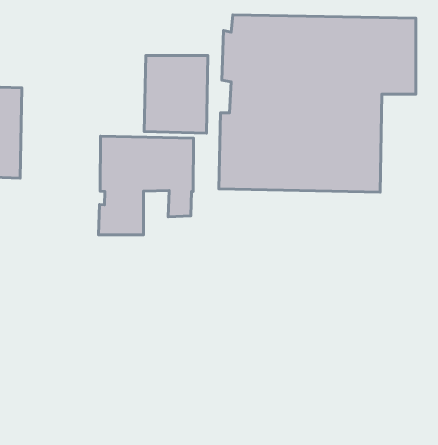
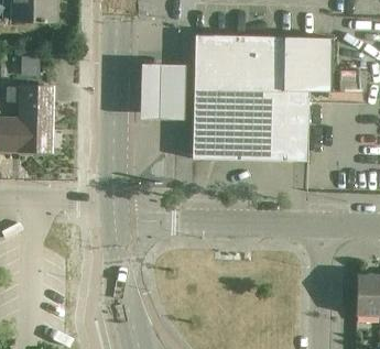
building: [99,136,193,235] -> none

